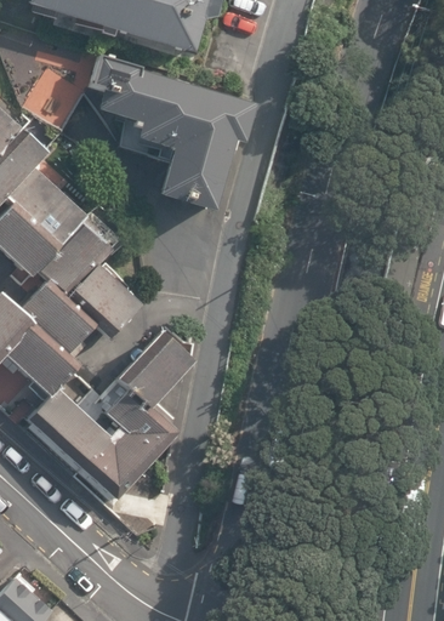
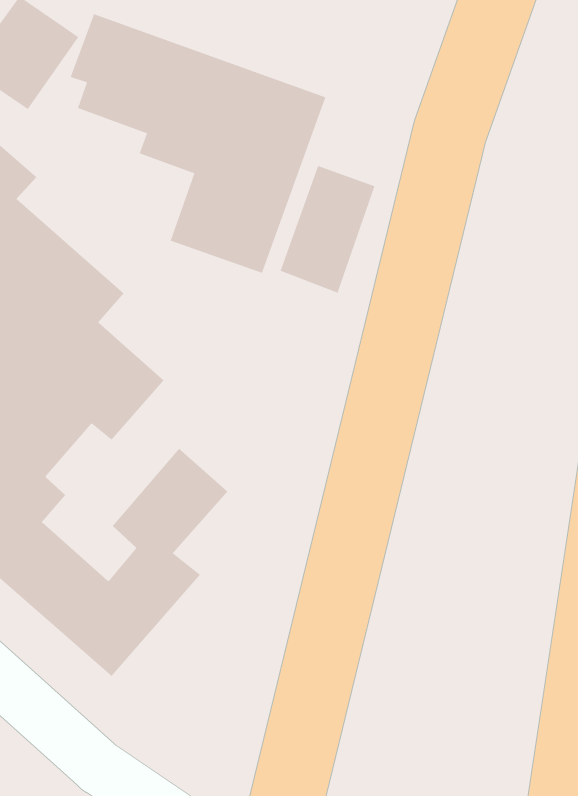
building: none -> [280,165,375,294]

